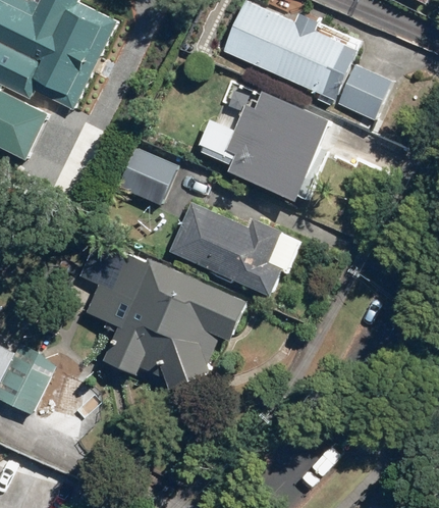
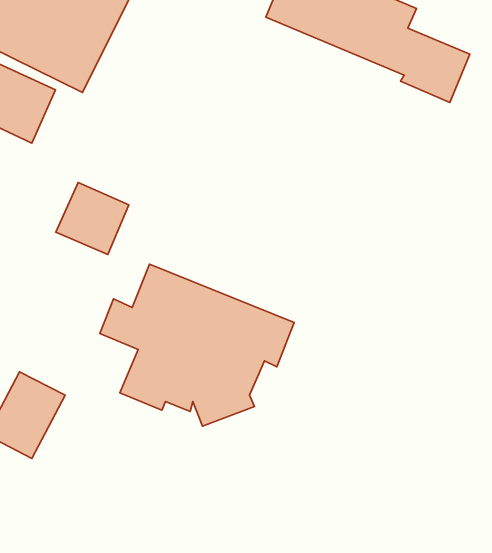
building: [229,90,332,194] -> none
building: [115,147,175,206] -> [56,183,129,254]
building: [167,202,282,297] -> none

